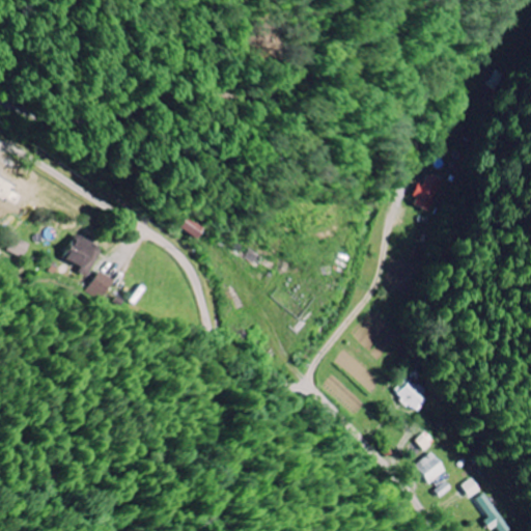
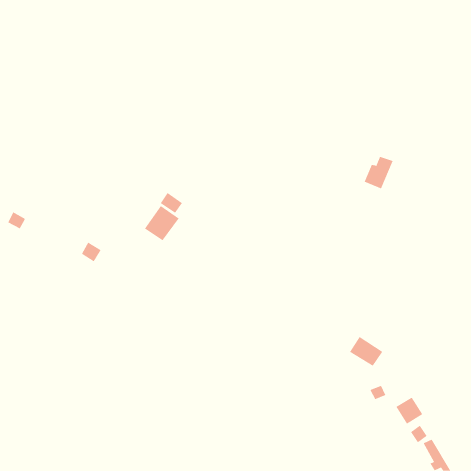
building: none -> [144,205,179,241]
building: [62,235,101,273] -> none
building: [414,453,445,484] -> [396,397,423,424]

